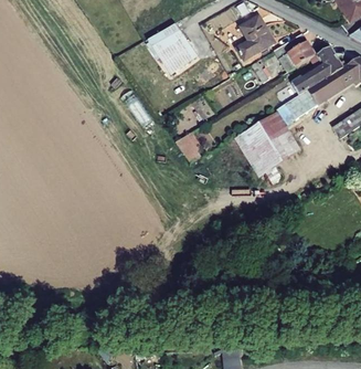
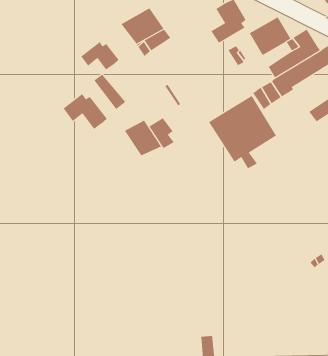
building: none -> [81,41,119,71]
building: none -> [63,93,107,130]
building: none -> [124,120,162,156]

